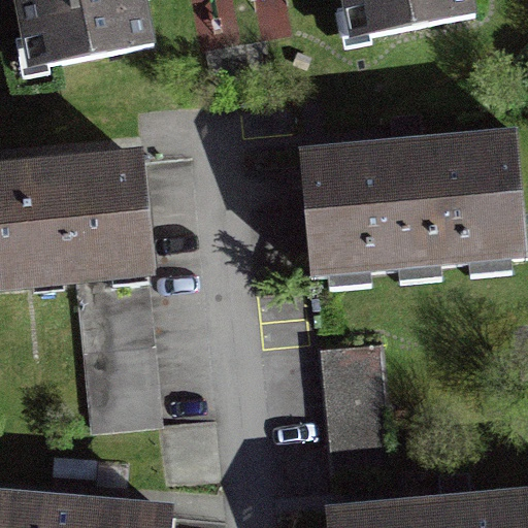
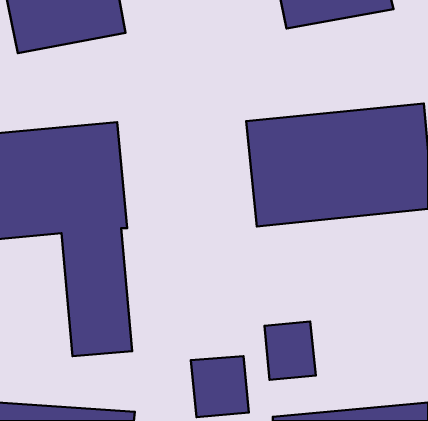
building: [318,335,380,399] -> none
building: none -> [191,356,249,417]

